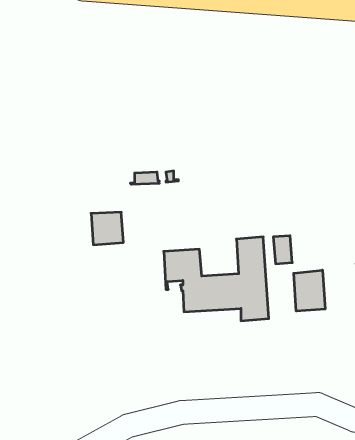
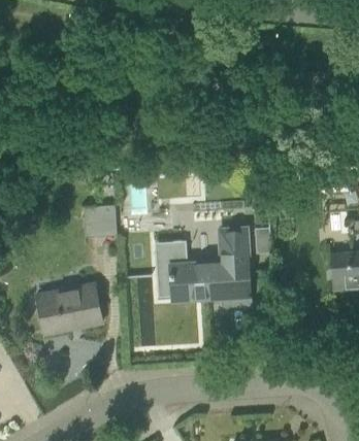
building: [294,270,325,311] -> none
building: none -> [38,287,101,334]

